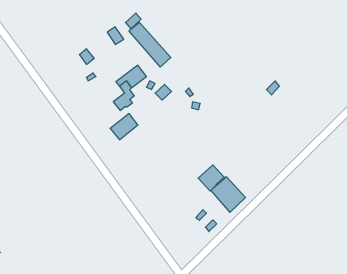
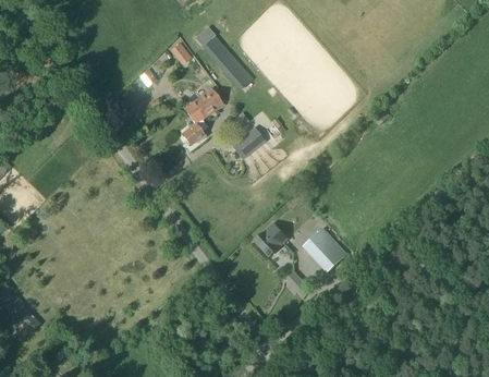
building: [110,114,138,140] -> [230,126,265,159]
building: [198,165,224,191] -> [254,223,286,256]

